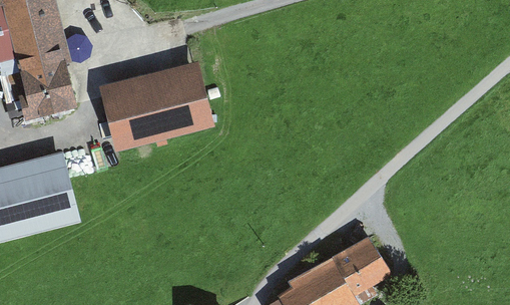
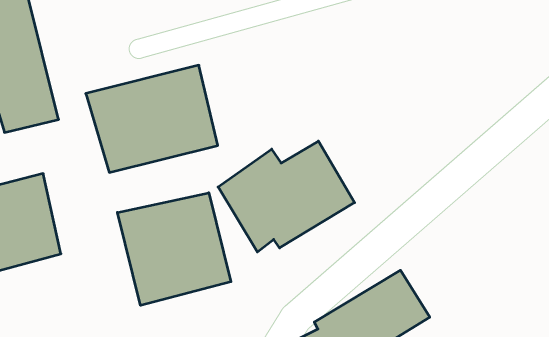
building: none -> [218,141,355,252]
building: none -> [117,193,231,305]

